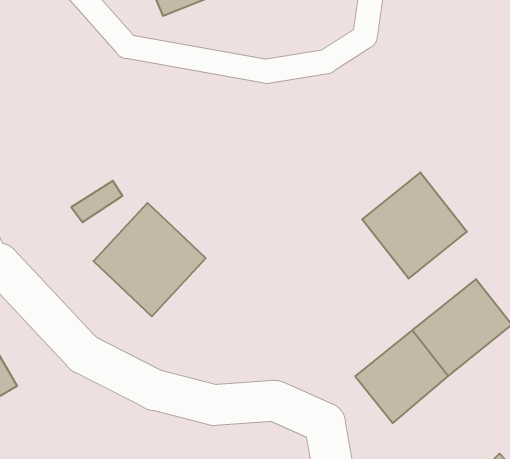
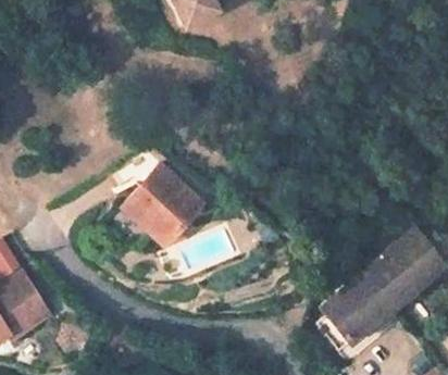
building: [362,172,467,279] -> none

